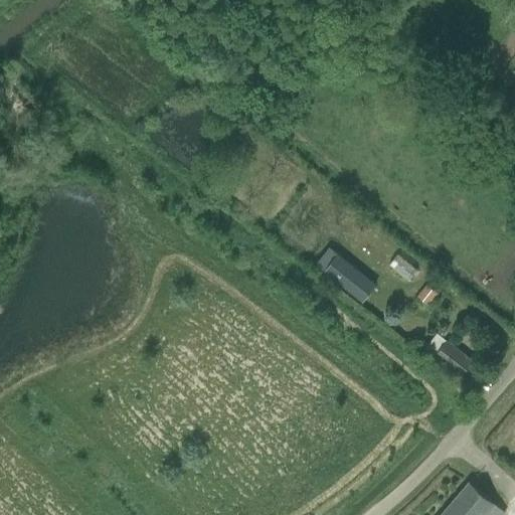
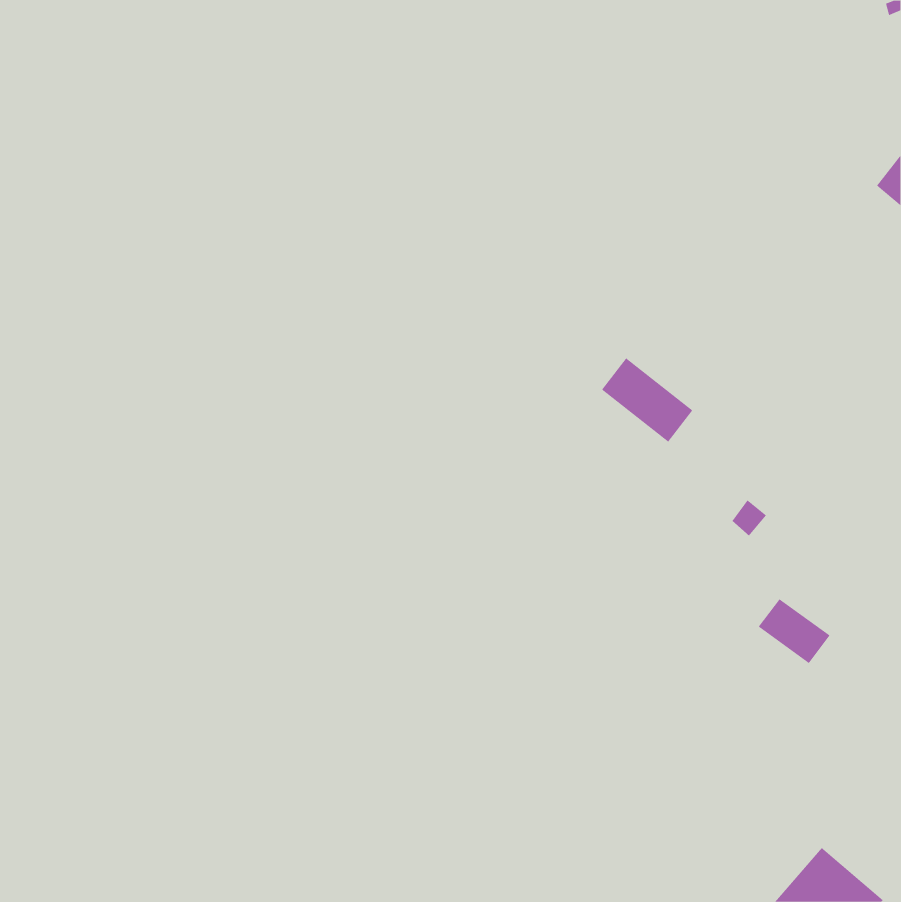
building: [324,254,376,303] -> [601,358,693,442]

